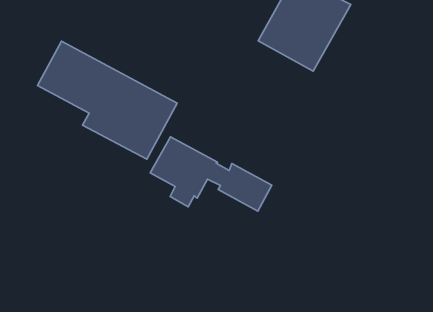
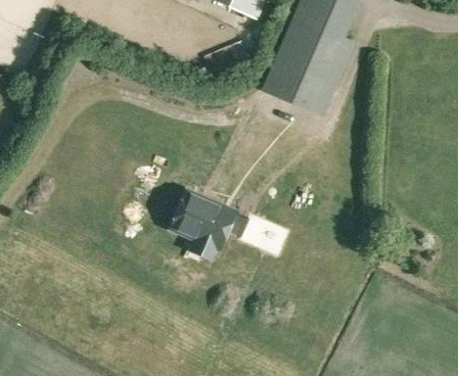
building: [37,41,177,159] -> none

